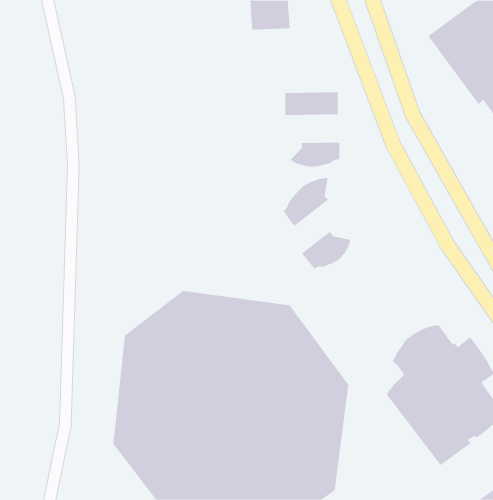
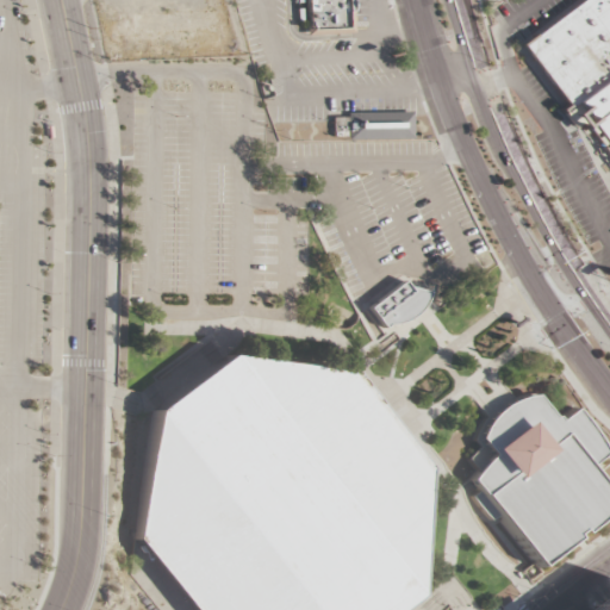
building: [289,142,340,168] -> none
building: [283,177,329,227] -> none

